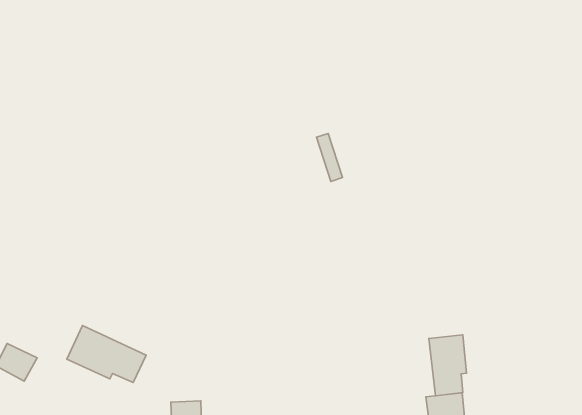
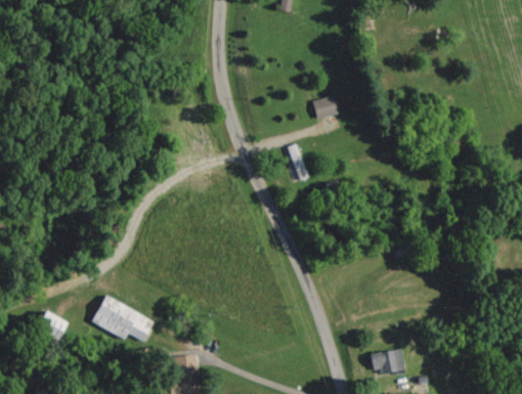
building: none -> [313,97,338,119]
building: [429,335,467,396] -> none

